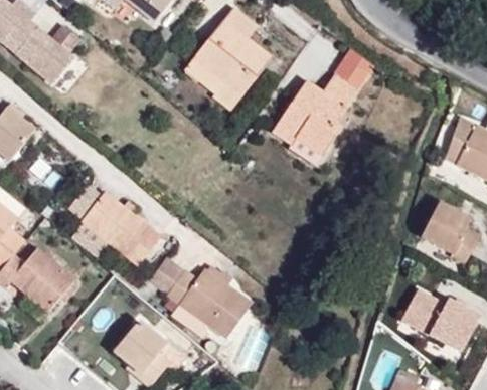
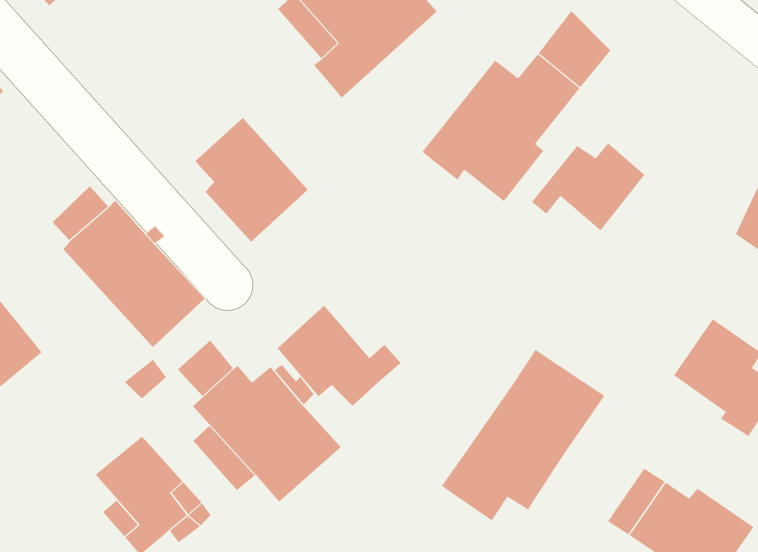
building: none -> [531,142,645,231]
building: none -> [194,117,308,242]
building: none -> [277,305,401,406]
building: none -> [441,349,605,521]

